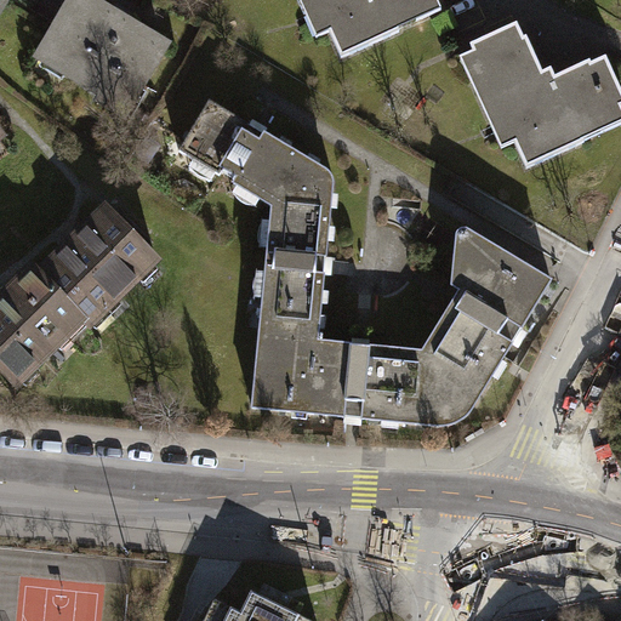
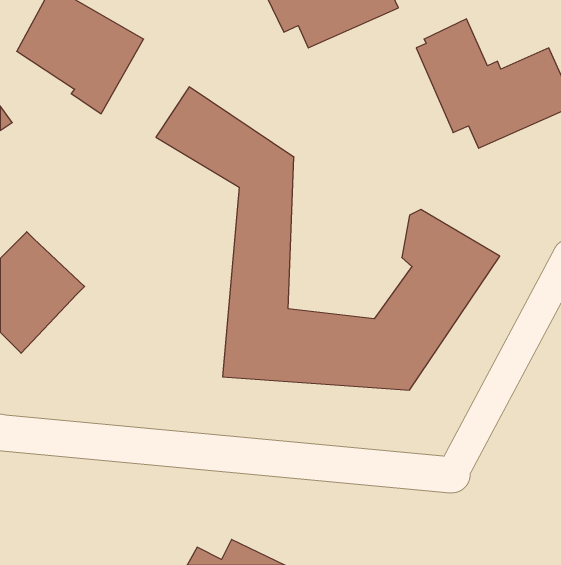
building: [45,190,171,325] -> none

